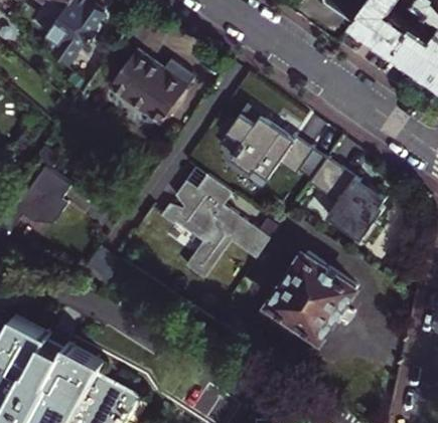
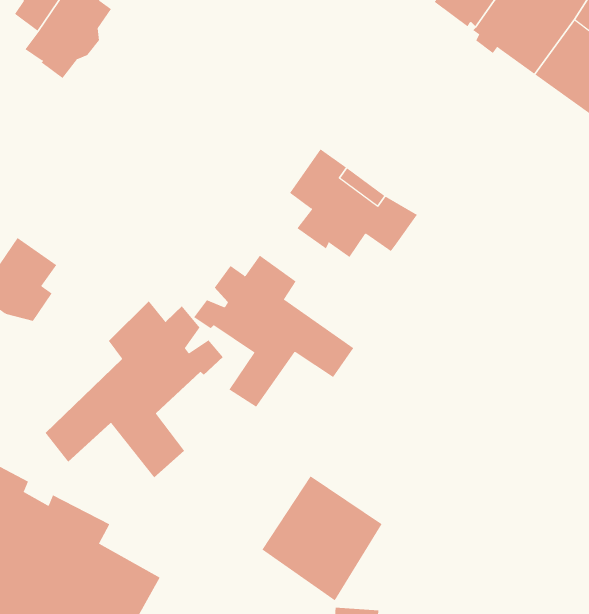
building: [110,51,195,127] -> none
building: [309,158,386,245] -> none
building: none -> [45,301,223,478]
building: [271,255,353,341] -> [261,475,383,601]

